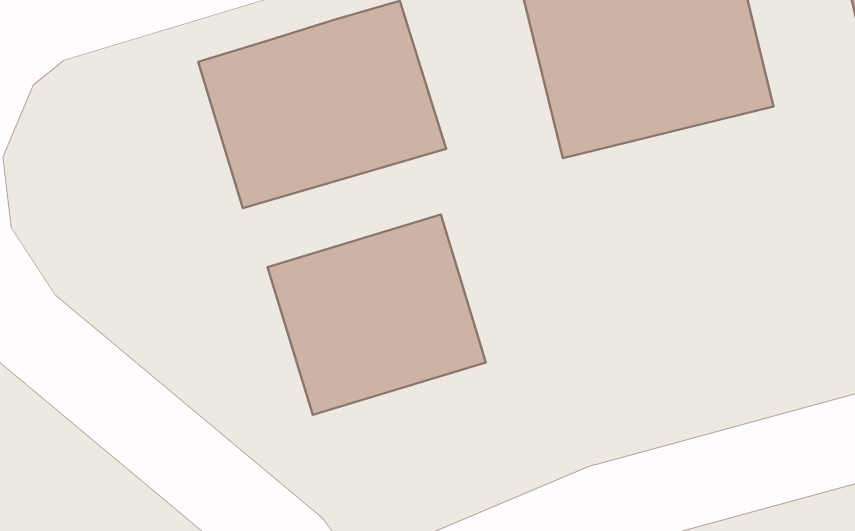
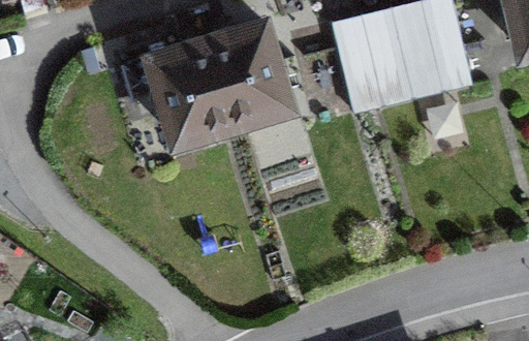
building: [268,214,486,415] -> none

